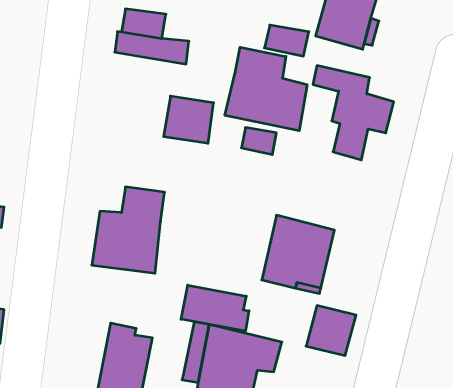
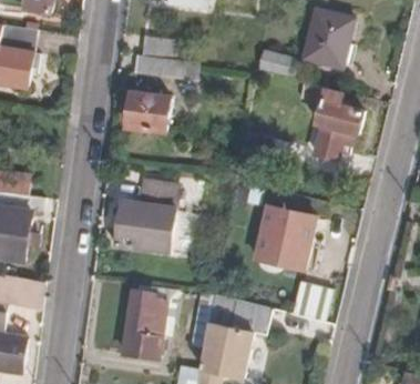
building: [225,47,307,131] -> none
building: [164,96,214,143] -> [127,93,168,132]
building: [181,285,249,331] -> none

